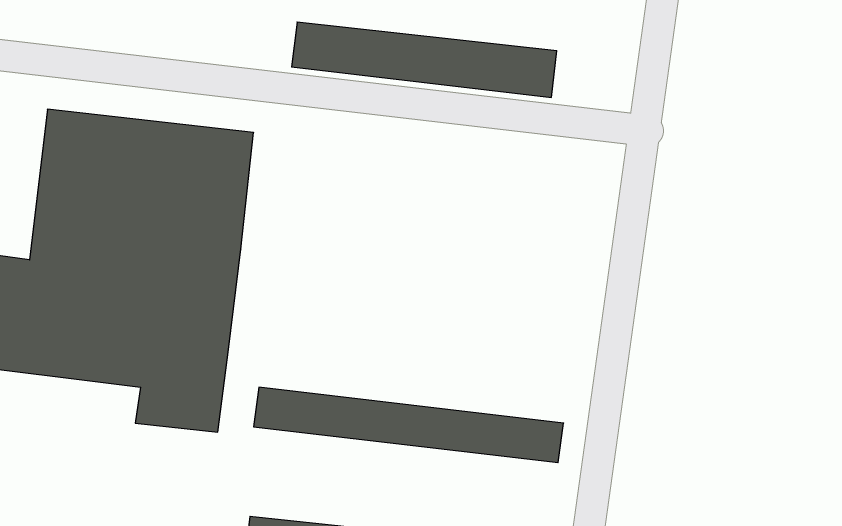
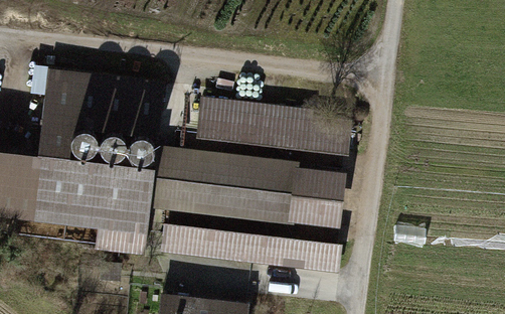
building: [292,22,557,97] -> [198,108,347,150]
building: none -> [149,147,335,221]

